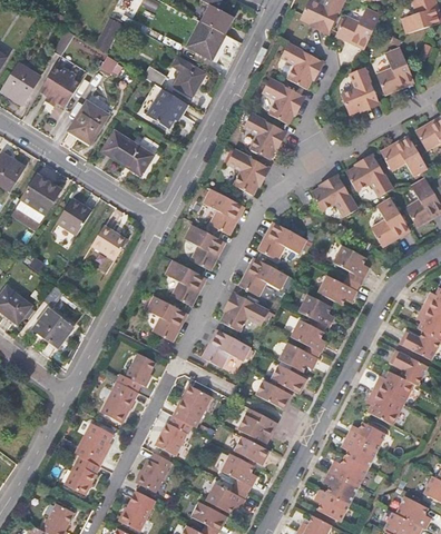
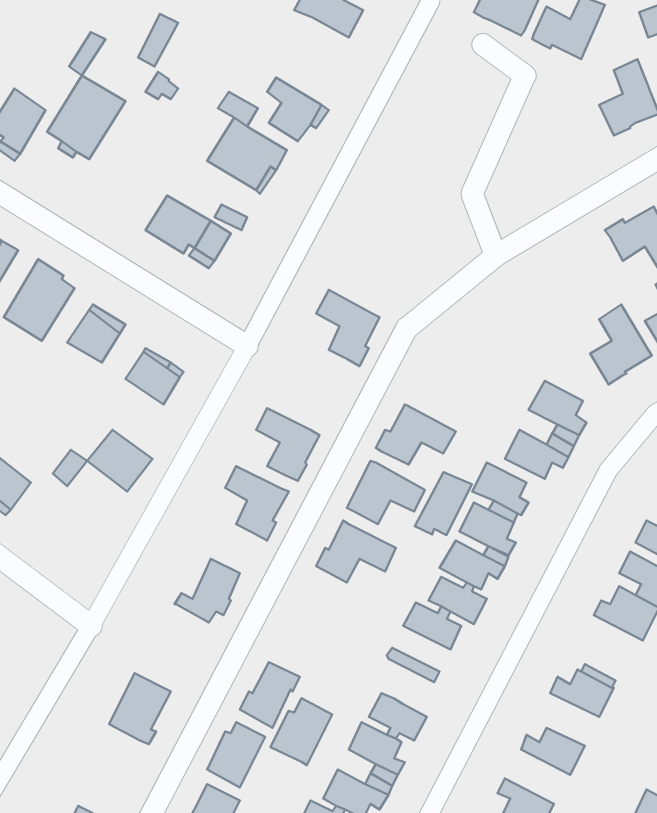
building: [187,21,225,59] -> none
building: [280,42,321,89] -> none
building: [341,67,379,113] -> none
building: [262,78,303,123] -> none
building: [66,95,110,144] -> none
building: [243,113,284,159] -> none
building: [226,149,267,195] -> none
building: [345,156,392,196] -> none
building: [311,176,357,217] -> none
building: [258,222,306,259] -> none
building: [185,224,224,270] -> none
building: none -> [415,472,472,535]
building: [30,309,70,347] -> [87,430,153,492]
building: [101,380,138,423] -> none
building: [174,386,212,427] -> [270,698,332,765]
building: [368,387,403,423] -> none
building: [239,412,275,442] -> none
building: [343,435,376,467] -> none
building: [66,456,97,495] -> none
building: [324,469,359,503] -> none

